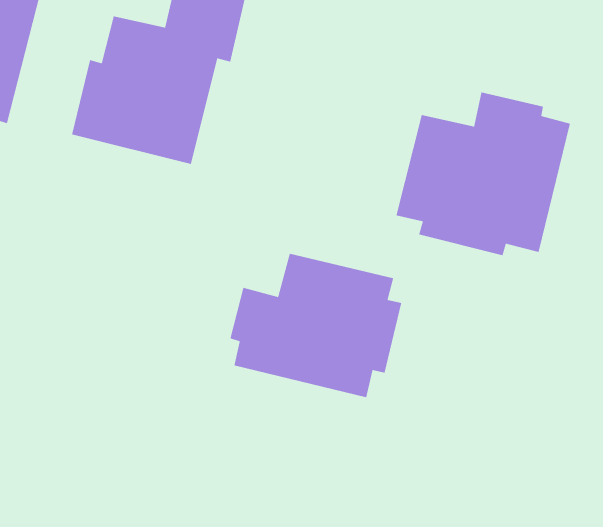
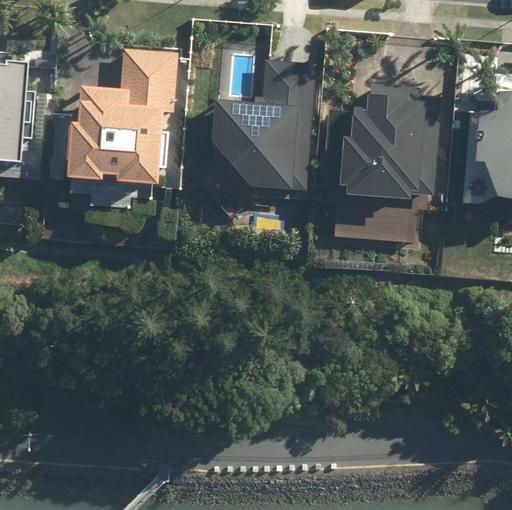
building: none -> [202,63,314,194]
building: [230,253,402,398] -> none

